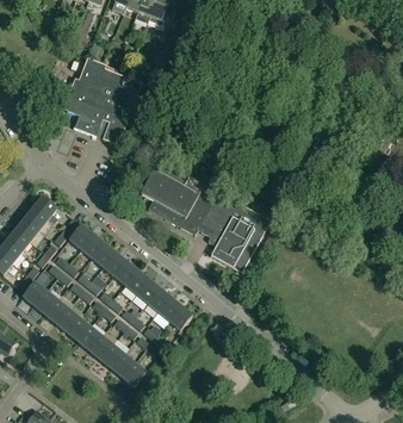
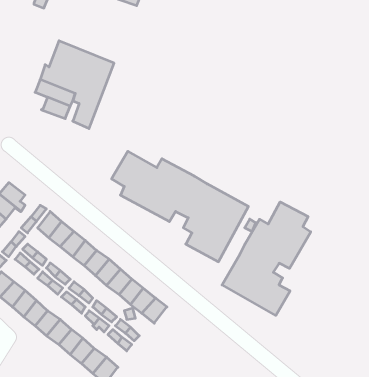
building: none -> [222,202,311,315]

